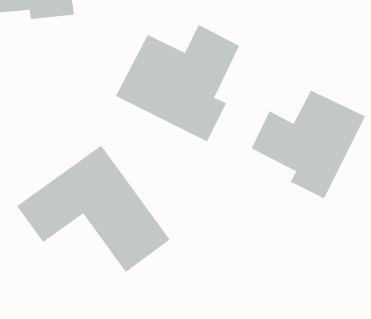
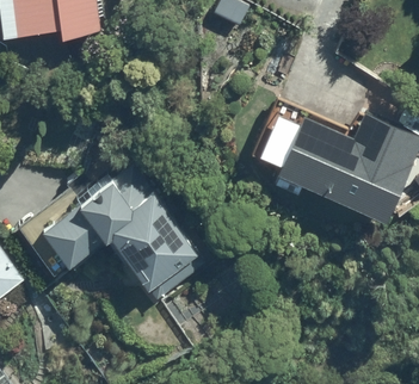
building: [115,24,240,142] -> none

